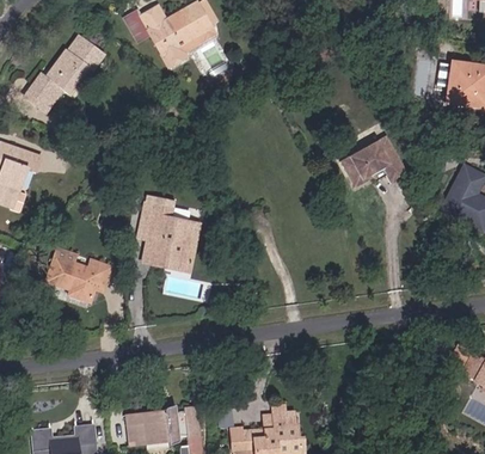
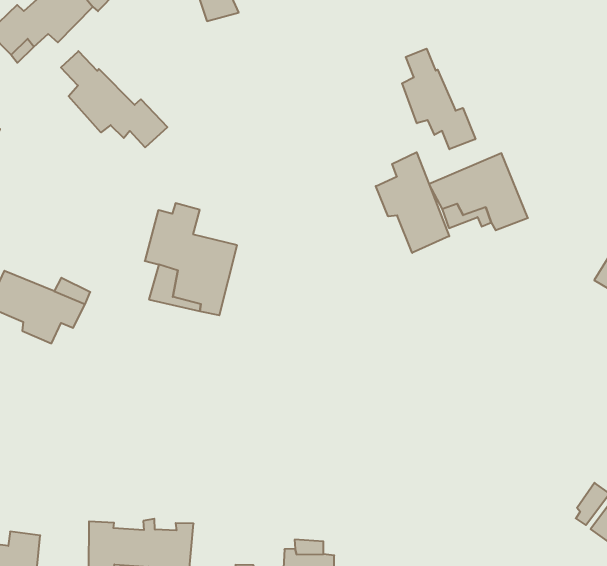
building: none -> [402,49,475,149]
building: none -> [61,51,167,147]
building: none -> [376,152,449,253]

